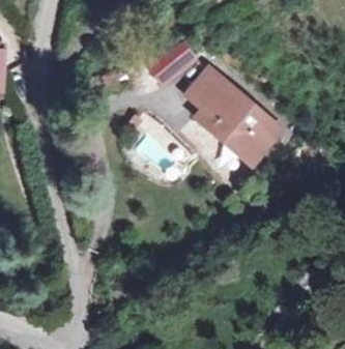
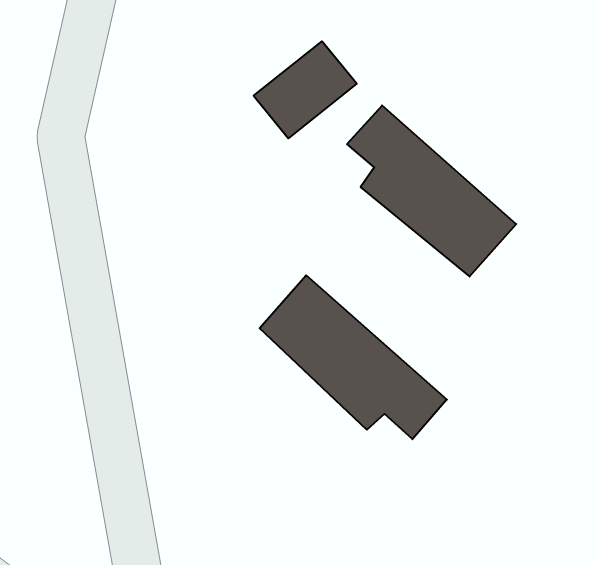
building: none -> [260,275,447,439]

